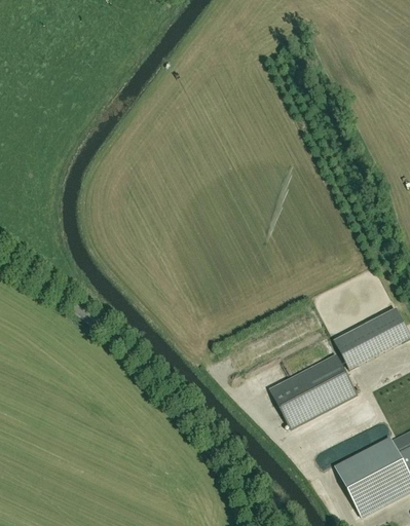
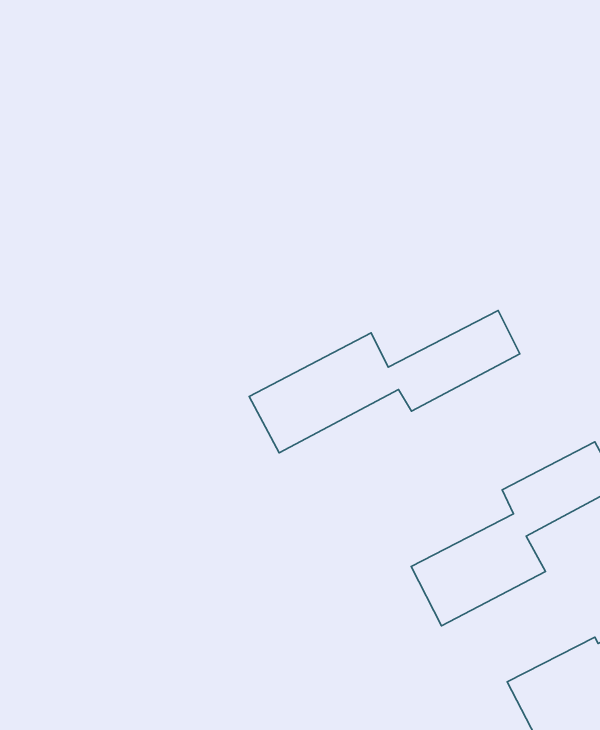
building: none -> [249,311,520,453]

